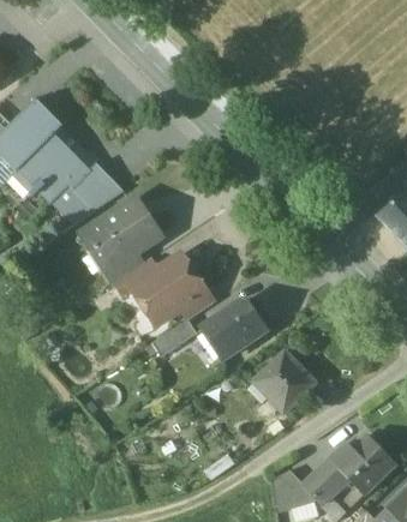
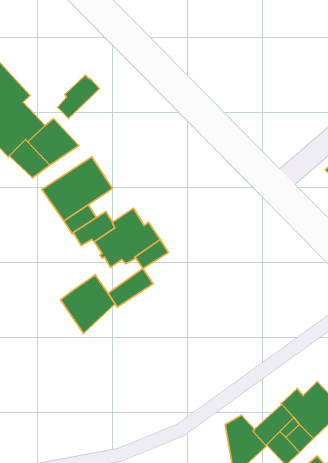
building: none -> [57,75,100,119]
building: [202,295,265,355] -> none
building: none -> [60,275,115,334]
building: [255,349,316,410] -> none

